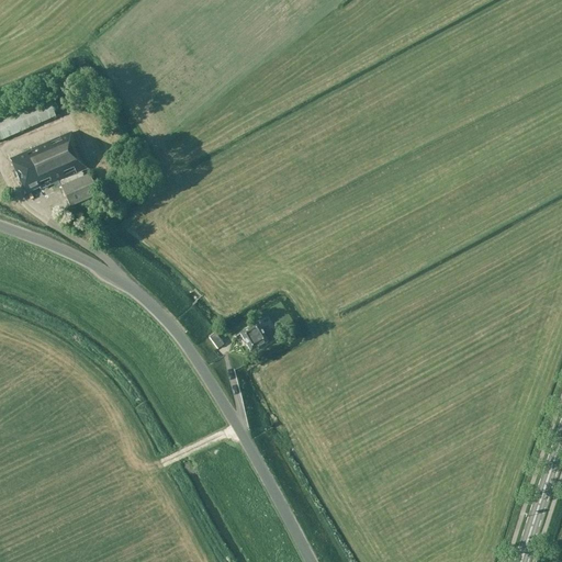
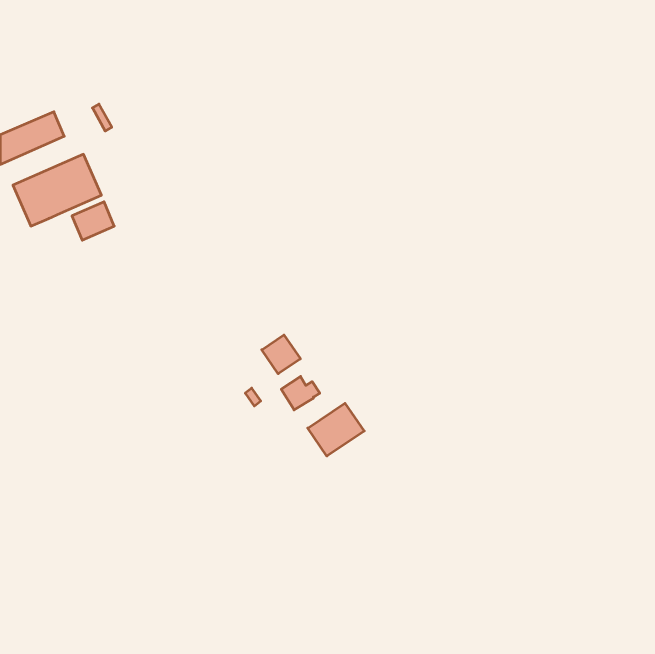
building: none -> [262,335,300,374]
building: none -> [308,403,364,456]

